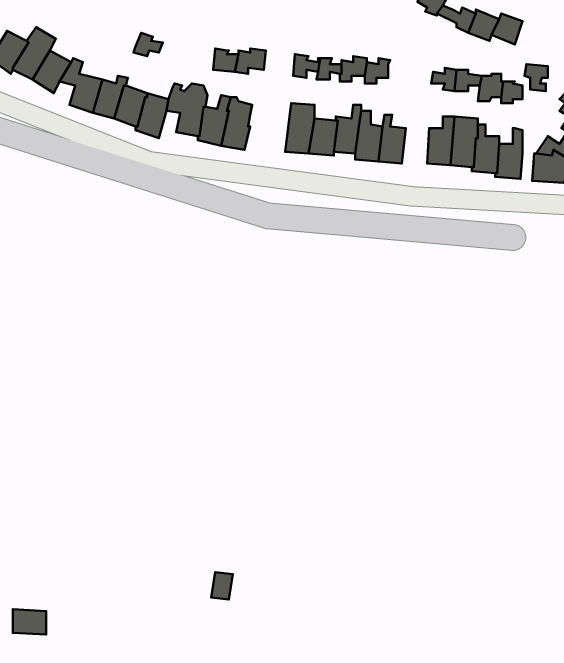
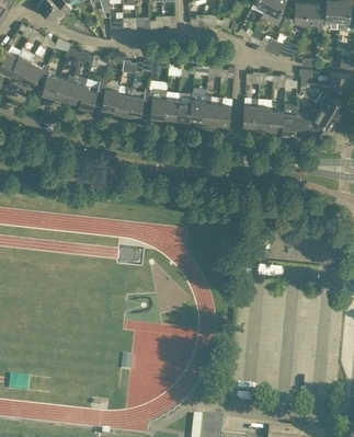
building: none -> [142,90,167,119]

